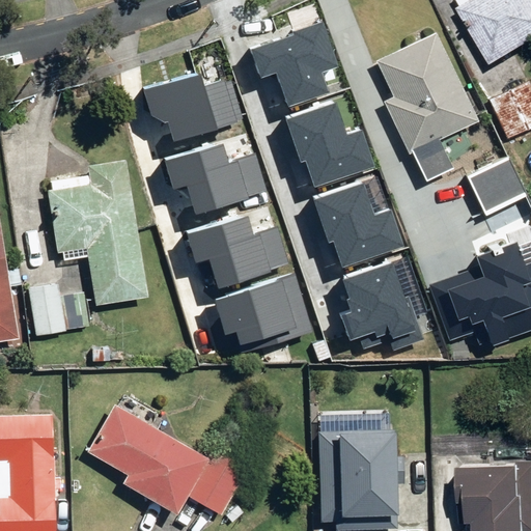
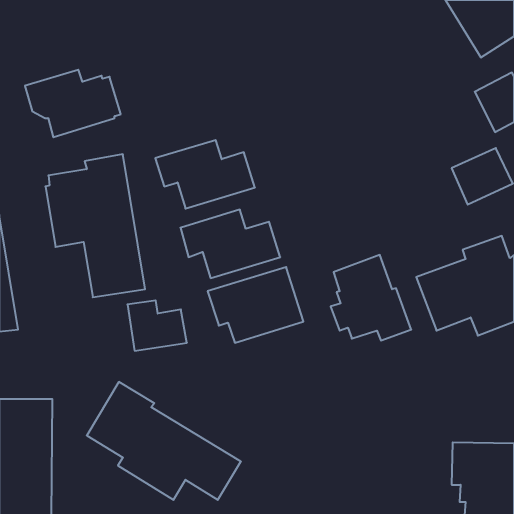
building: [251,22,338,109] -> none
building: [376,29,480,179] -> none
building: [144,74,243,143] -> [25,70,121,137]
building: [285,105,375,190] -> none
building: [313,185,403,270] -> none
building: [28,284,89,336] -> [127,300,187,351]
building: [318,415,398,521] -> none

